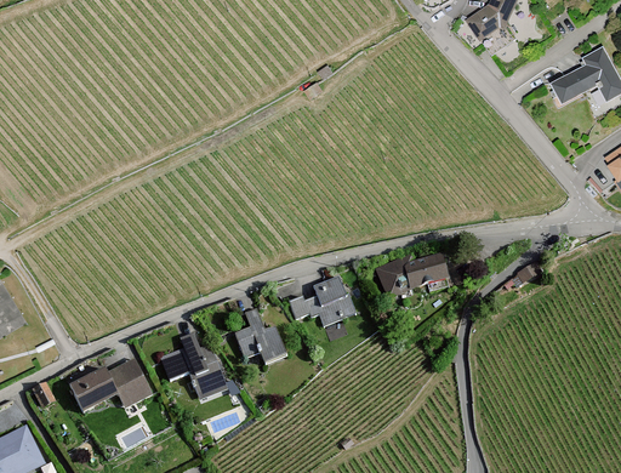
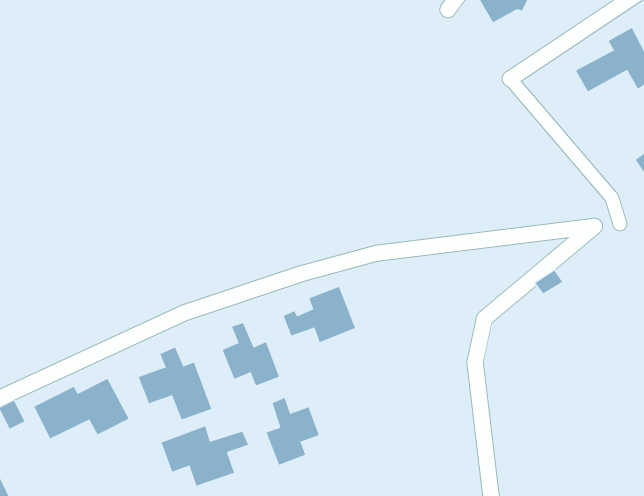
building: [376,253,450,300] -> none
building: none -> [266,397,319,466]
building: none -> [161,425,249,487]

